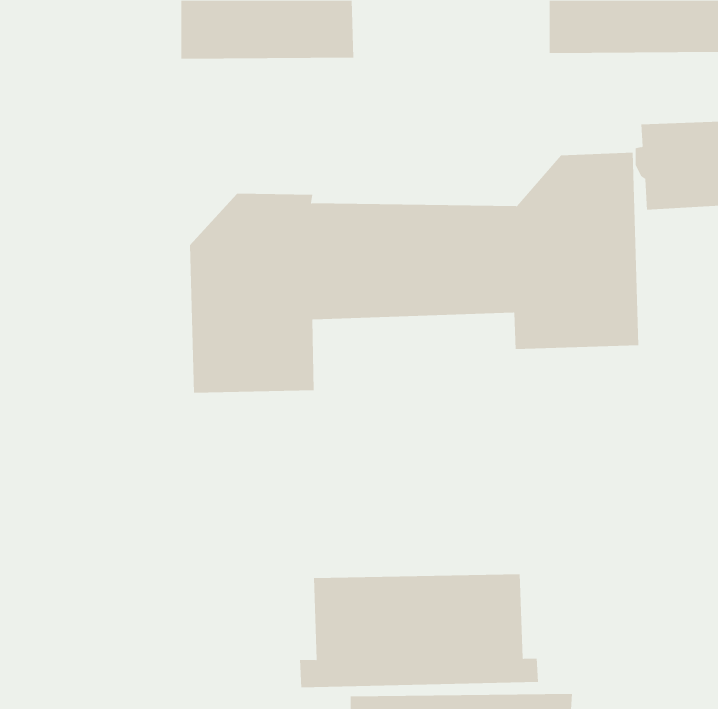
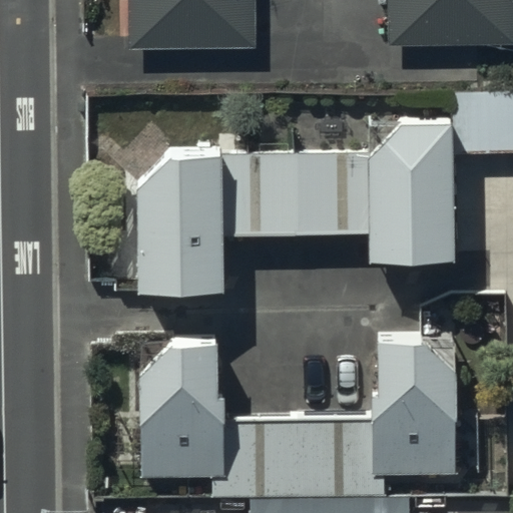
building: none -> [371,333,458,476]
building: none -> [138,335,226,479]

